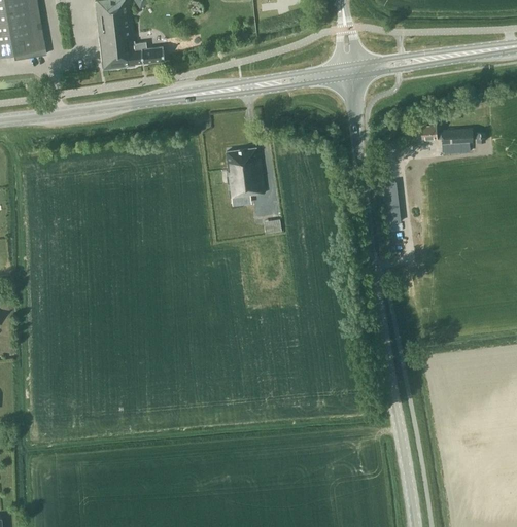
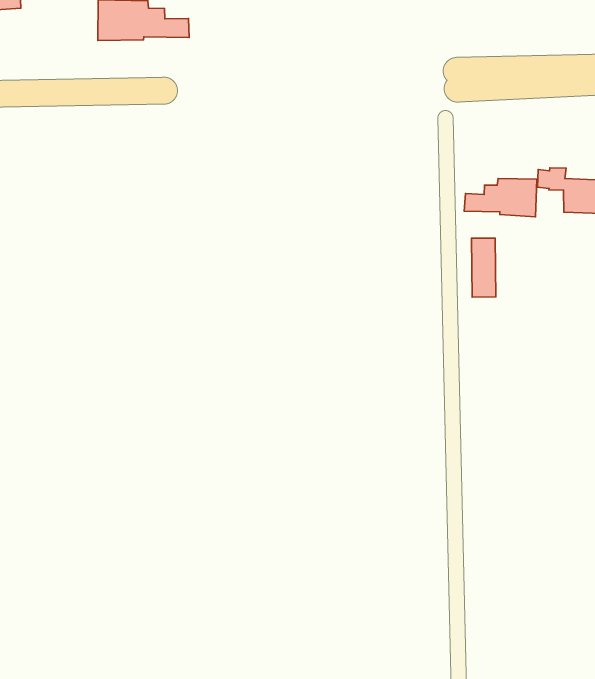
building: none -> [464,178,537,217]
building: [226,148,265,199] -> none

